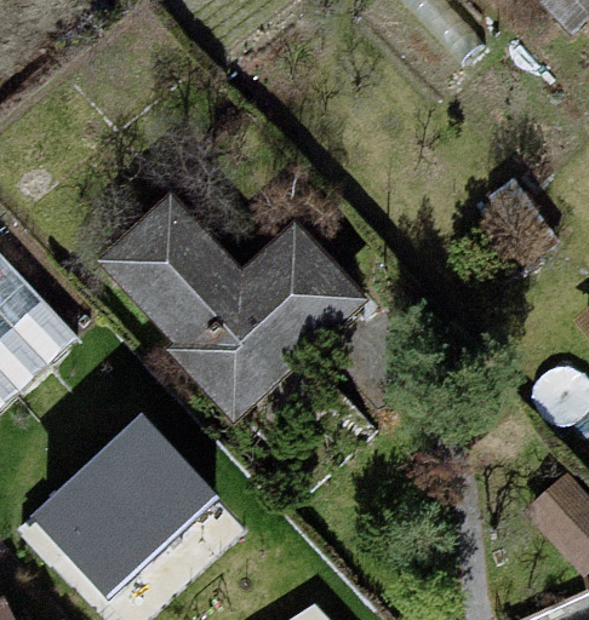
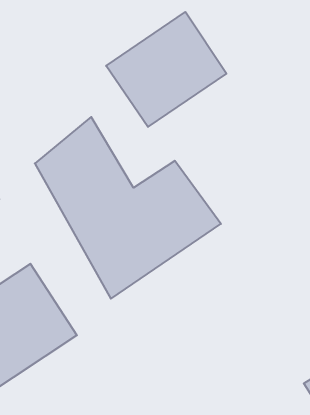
building: none -> [106,12,226,127]

